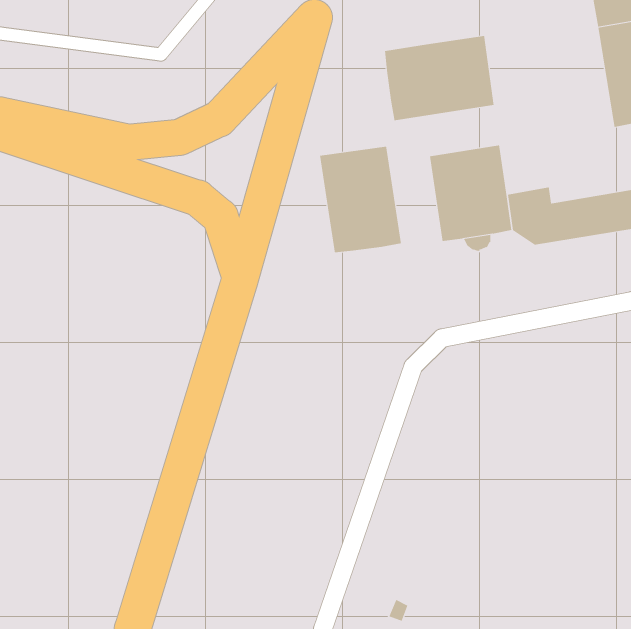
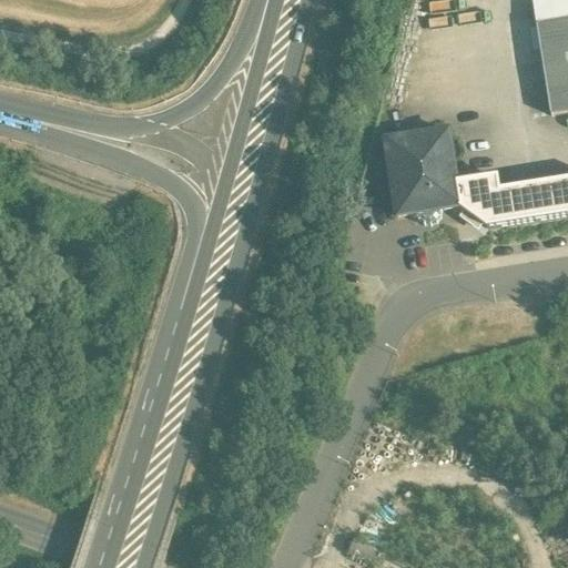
building: [384,35,494,121] -> none
building: [319,146,402,253] -> none

